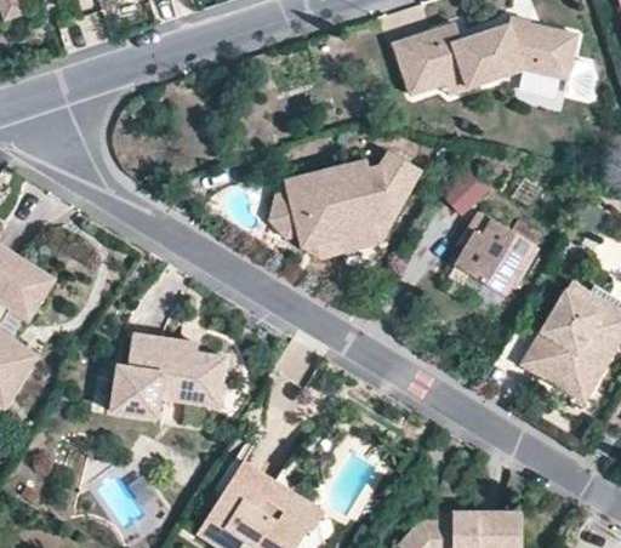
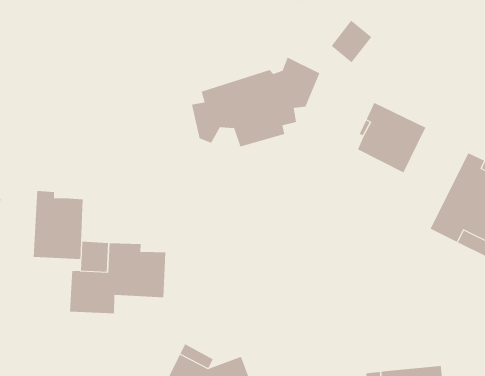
building: [440,169,488,217] -> [331,20,372,63]
building: [290,222,388,256] -> none
building: none -> [33,190,83,260]

